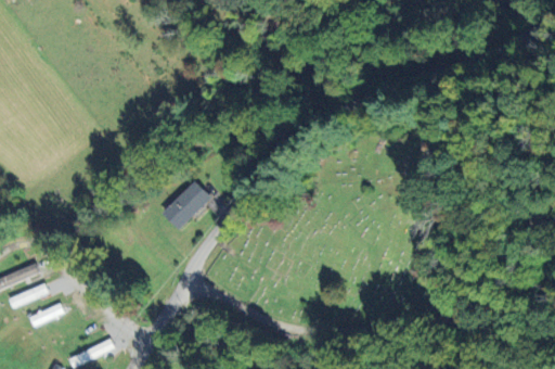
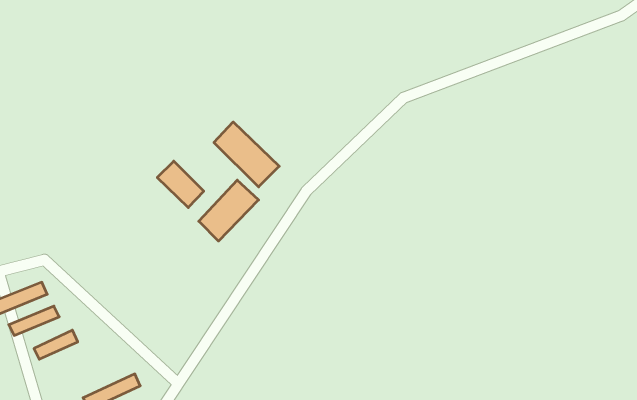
building: none -> [214,122,279,187]
building: none -> [157,161,204,208]

